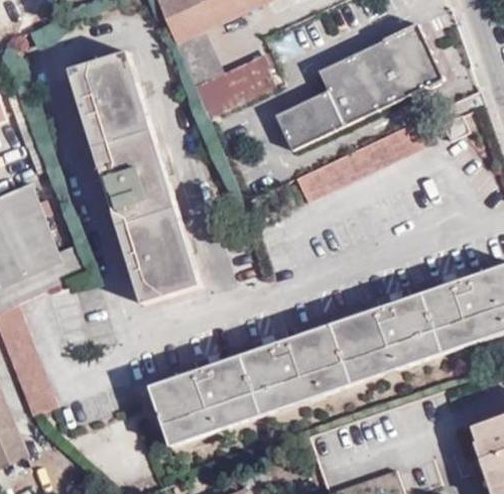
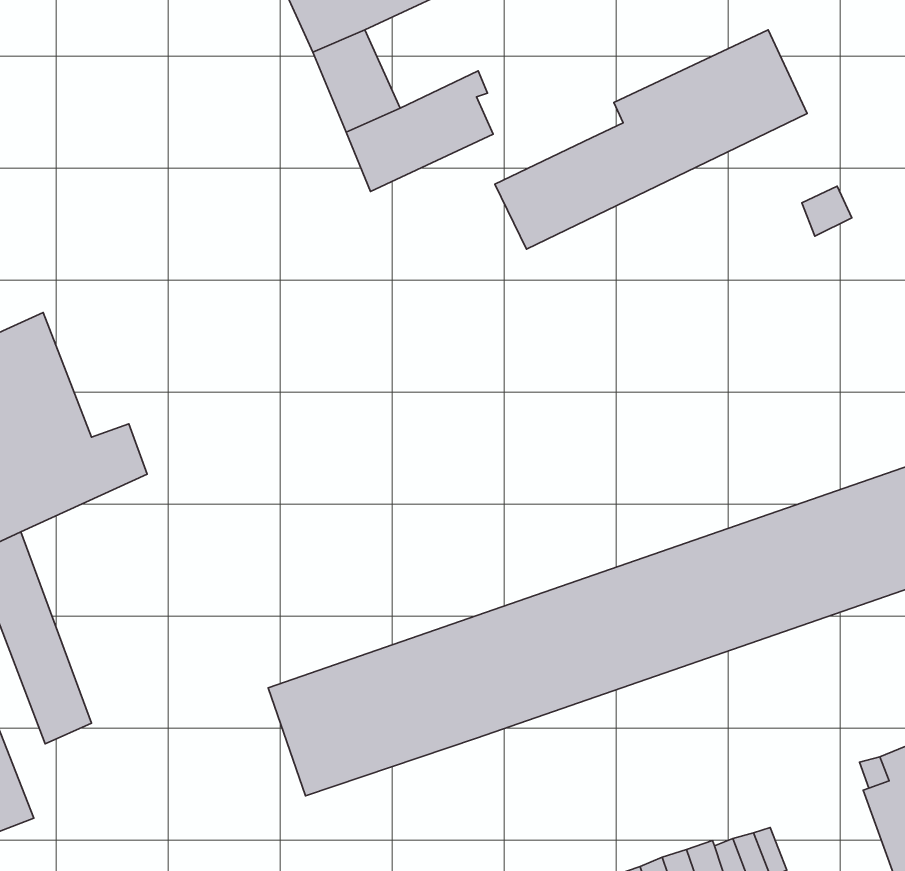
building: [317,20,421,89] -> none
building: [69,52,200,304] -> none
building: [292,121,423,204] -> none

